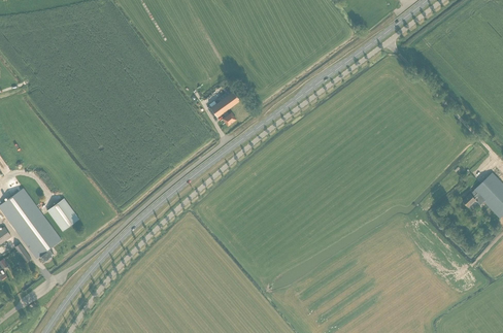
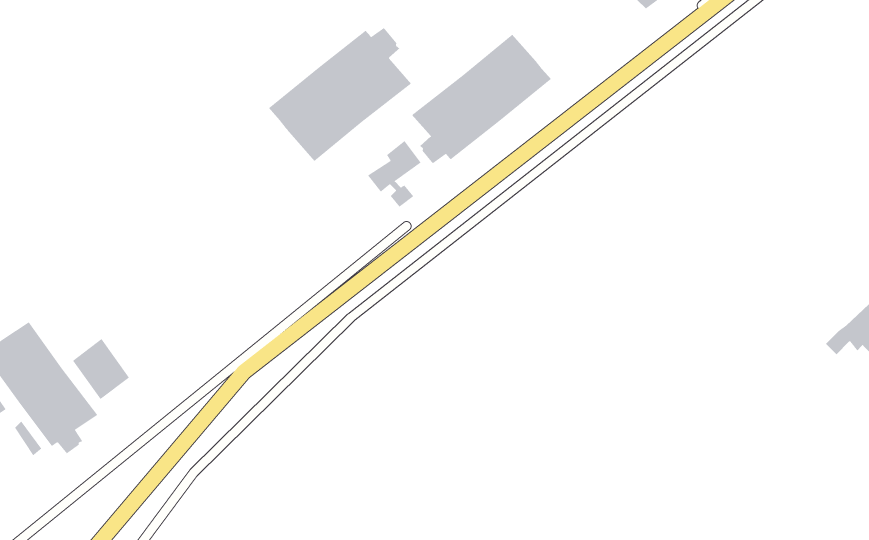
building: none -> [268,27,412,162]
building: none -> [411,34,552,164]

